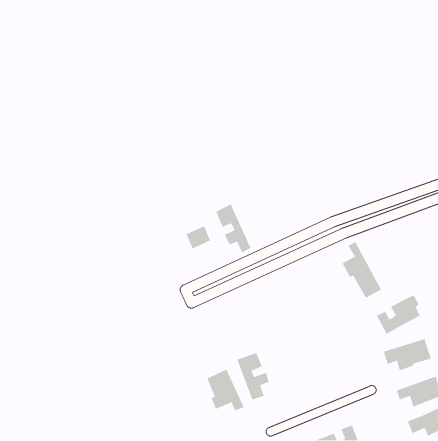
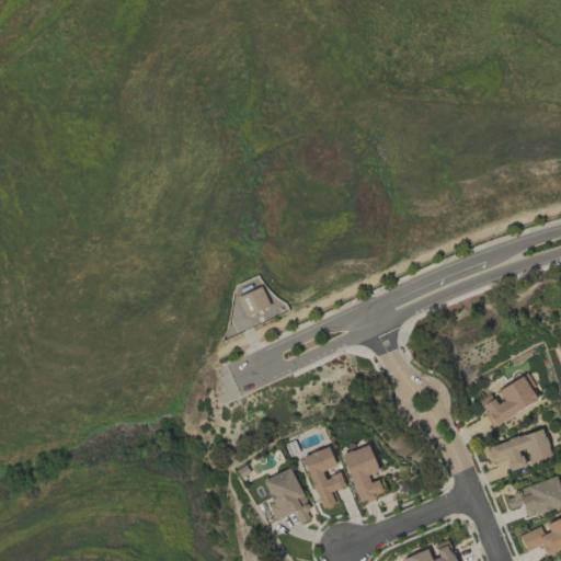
building: [215,203,252,253] -> none
building: [341,241,382,299] -> none
building: none -> [343,444,386,504]

